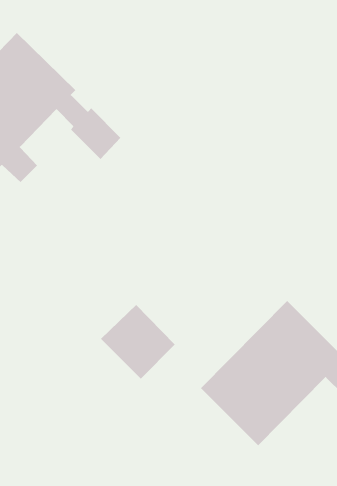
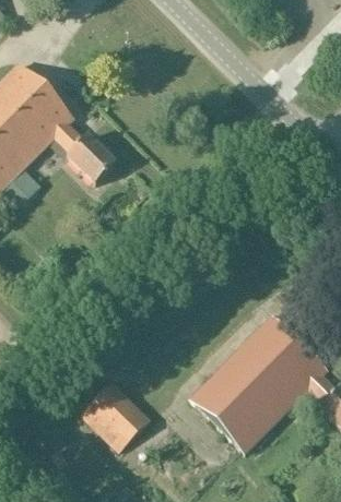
building: [100,304,176,379] -> [80,380,151,451]

